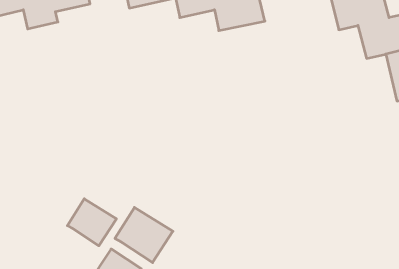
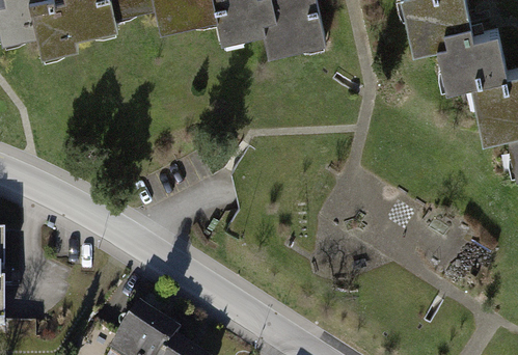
building: [67,199,116,246] -> none
building: [115,207,173,263] -> none

